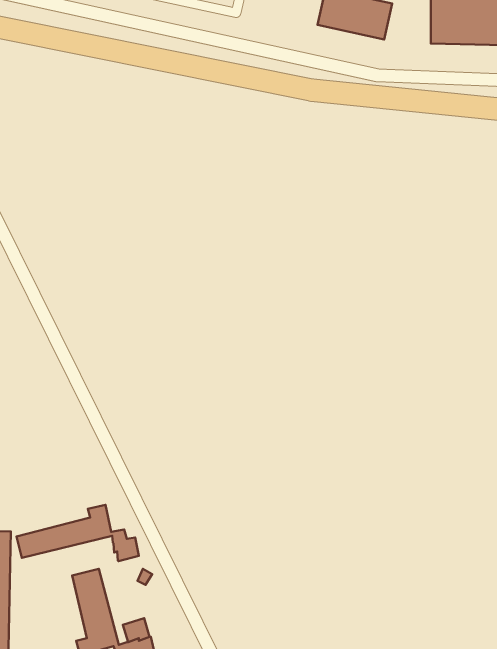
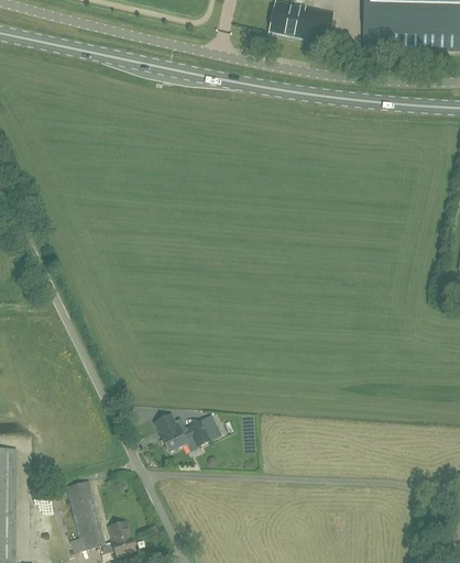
building: none -> [154,415,211,450]
building: [16,505,139,561] -> none

